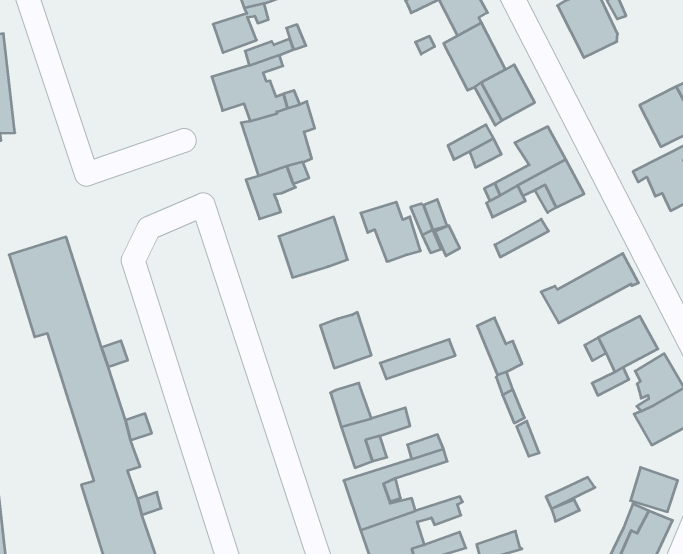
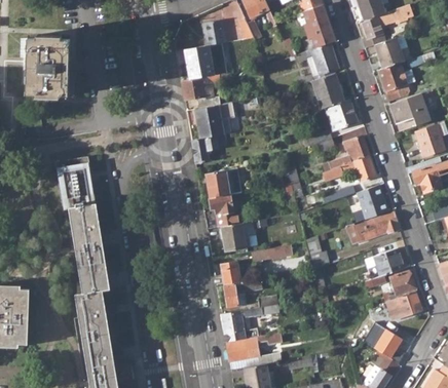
building: none -> [388,92,434,125]
building: [361,202,421,261] -> [209,194,238,226]
building: none -> [356,184,387,219]

